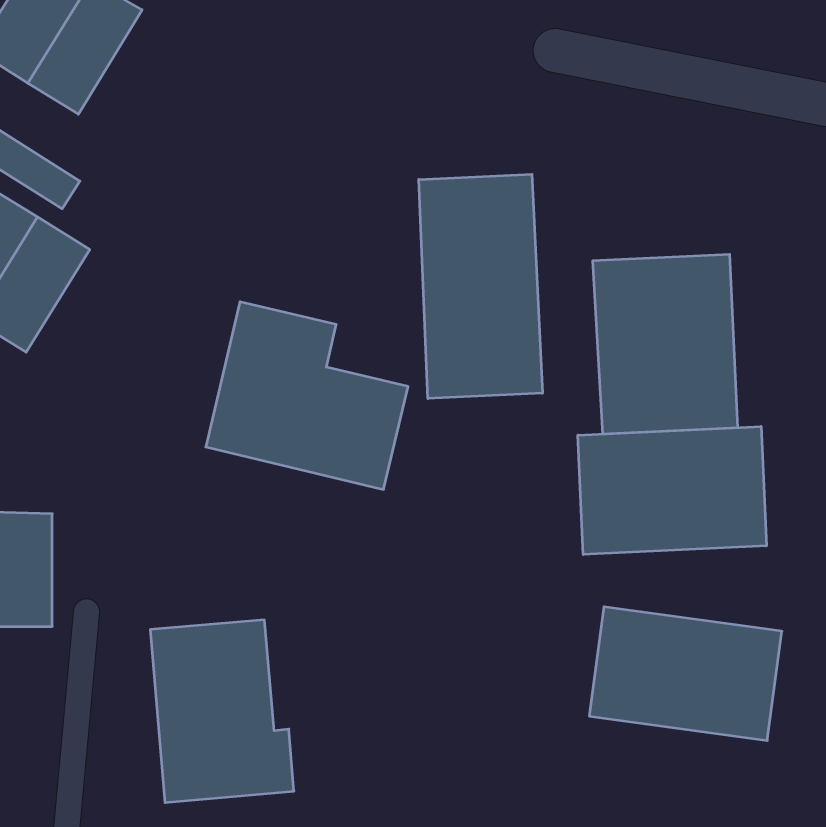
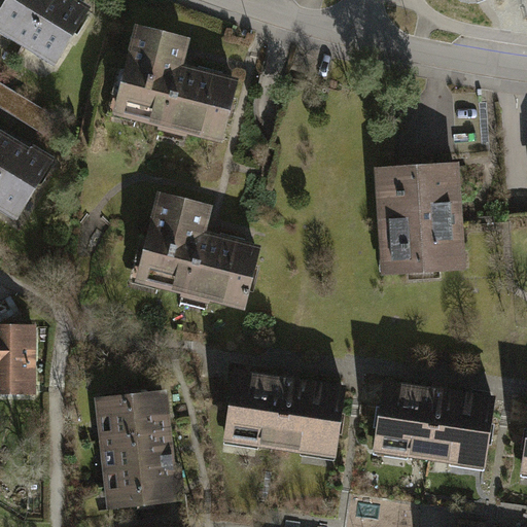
building: none -> [107,23,237,143]
building: [419,174,542,399] -> none
building: [578,426,766,555] -> none
building: none -> [219,372,347,459]

